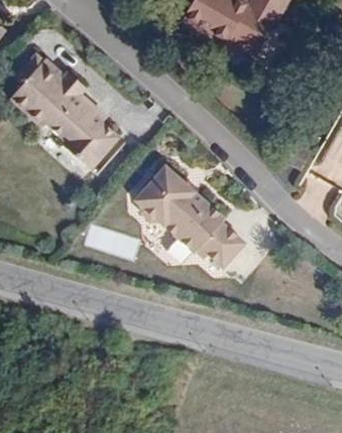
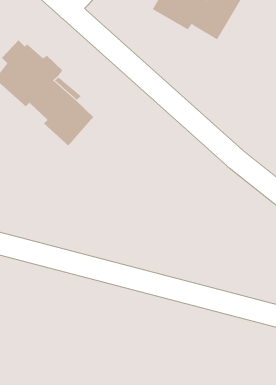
building: [133,165,240,271] -> none

